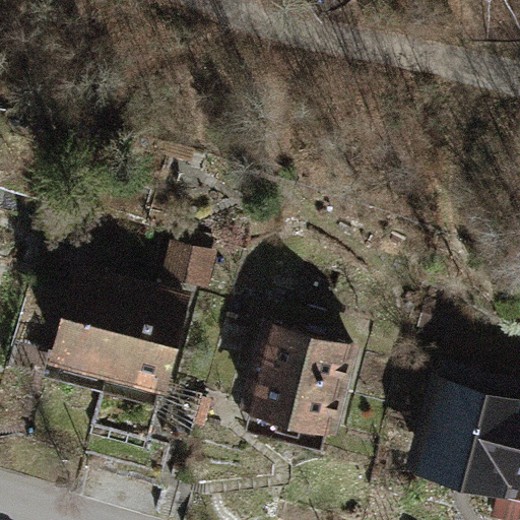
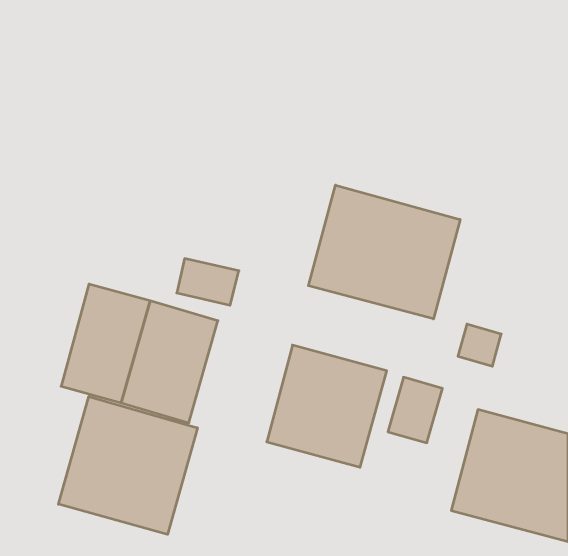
building: none -> [308,185,460,319]
building: none -> [58,396,197,534]

